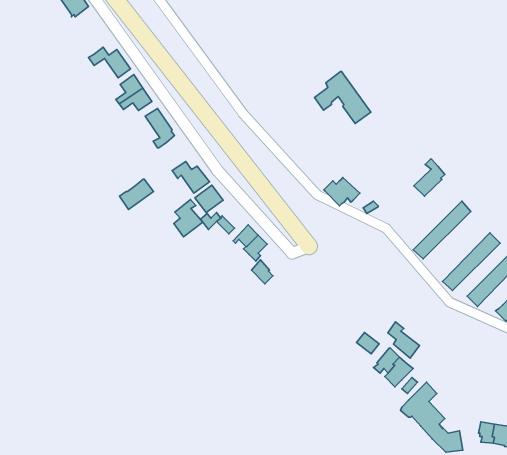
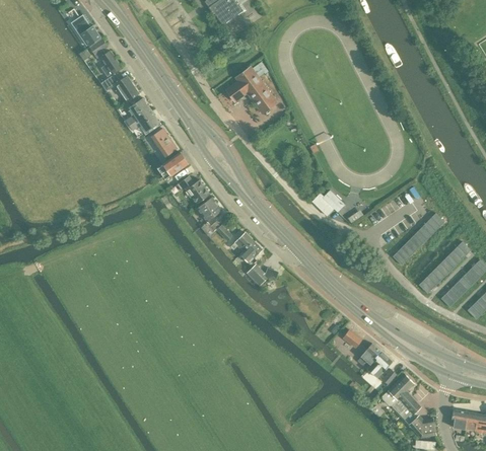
building: none -> [89,39,121,76]
building: [314,72,371,124] -> [226,67,277,114]
building: [414,159,445,196] -> none
building: [119,179,153,210] -> [157,153,188,180]
building: [174,199,203,237] -> none
building: [388,322,420,358] -> none

